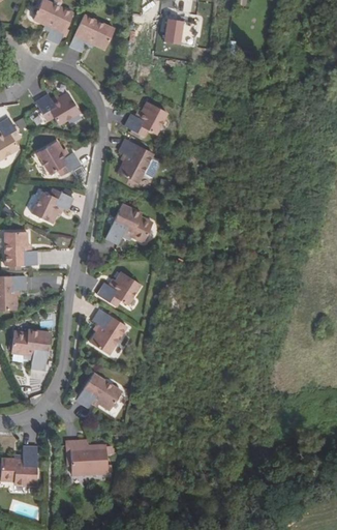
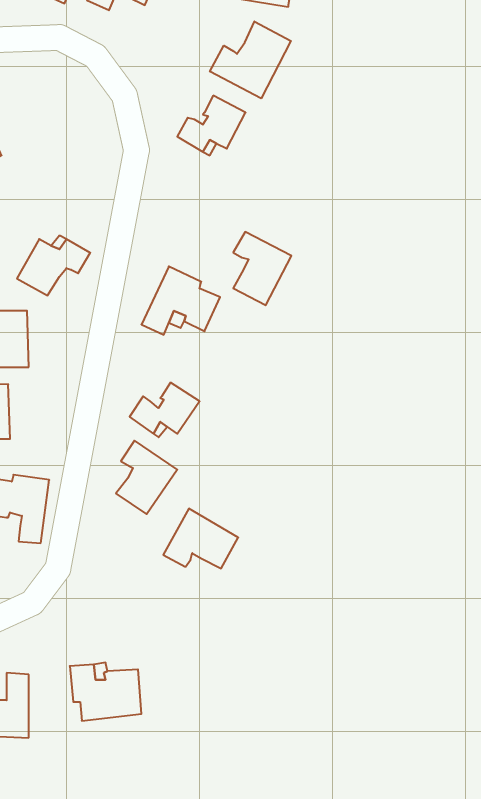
building: none -> [210,21,291,98]
building: [36,90,79,121] -> none
building: [37,137,81,170] -> none
building: [120,139,155,183] -> [233,232,291,305]
building: [78,376,123,412] -> [163,509,238,568]

